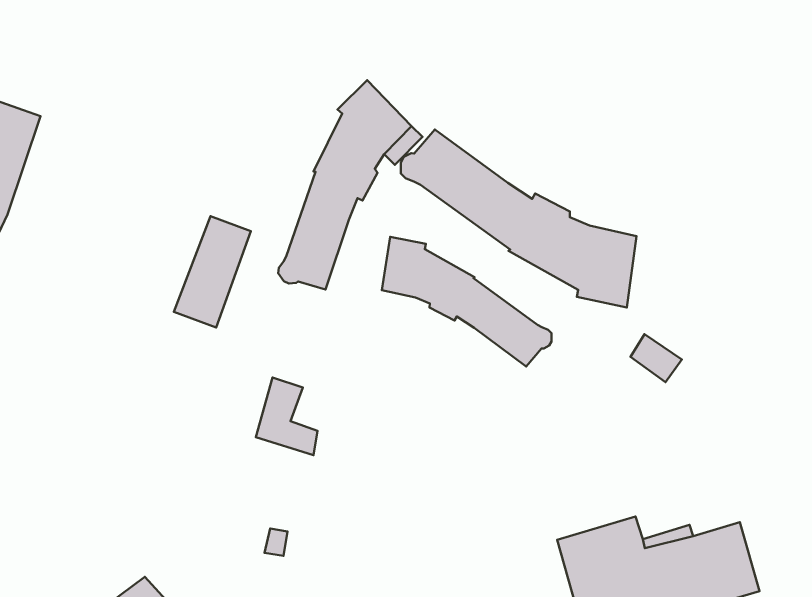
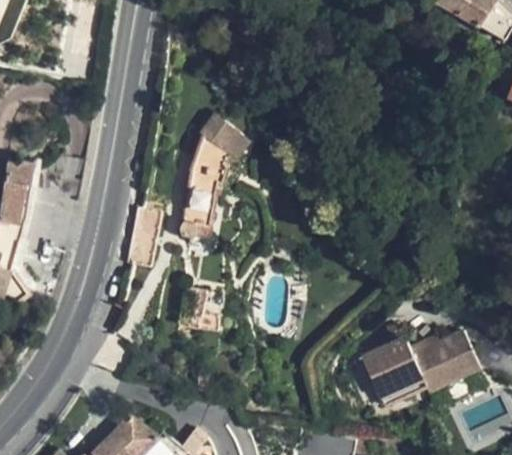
building: [401,130,636,307] -> none
building: [382,237,552,367] -> none

